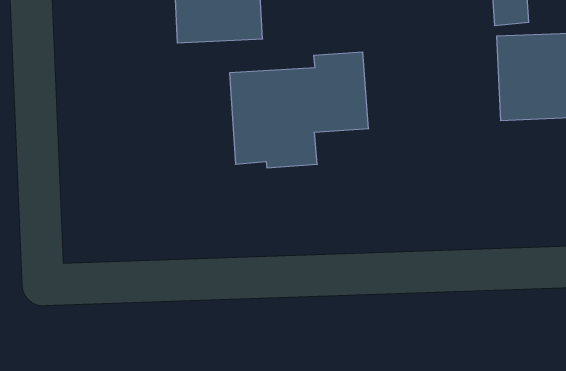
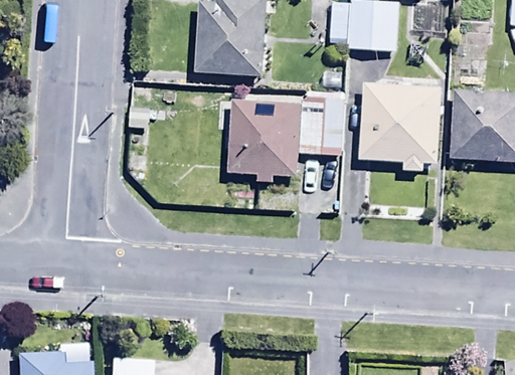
building: none -> [361,72,441,173]

